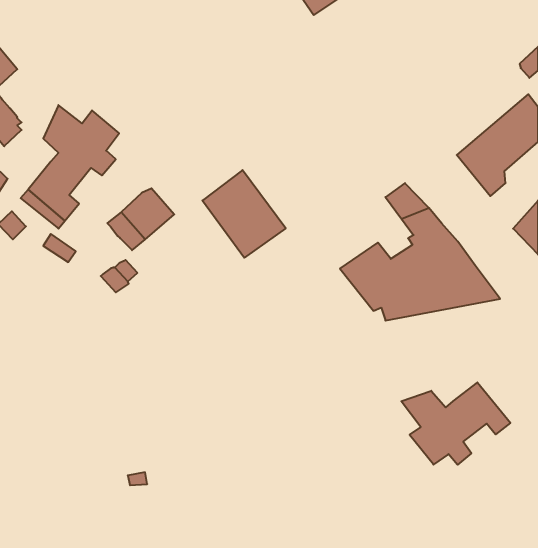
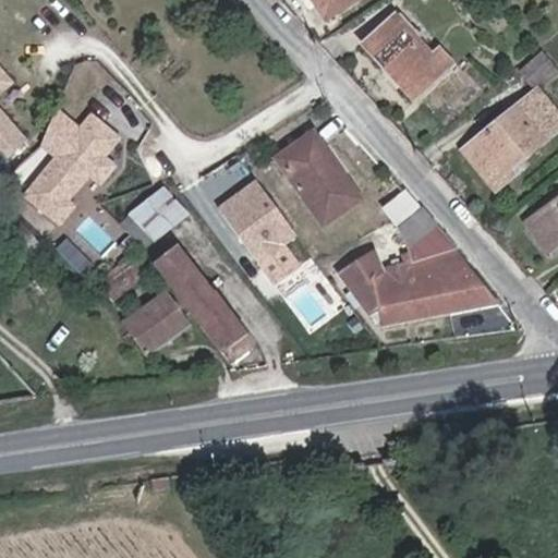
building: none -> [364,16,452,106]
building: none -> [283,125,365,216]
building: none -> [145,245,251,354]
building: none -> [122,296,192,357]
building: [401,382,510,465] -> none

